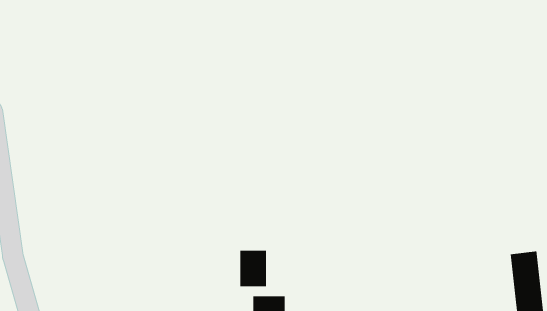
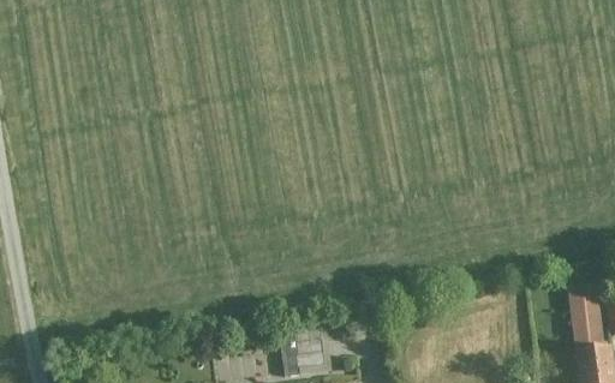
building: [240,250,266,287] -> none

